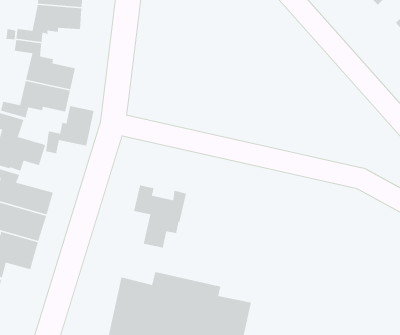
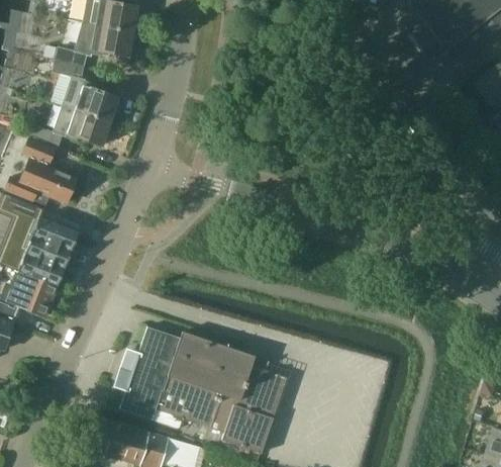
building: [45,105,95,154] -> none
building: [133,184,187,248] -> none

